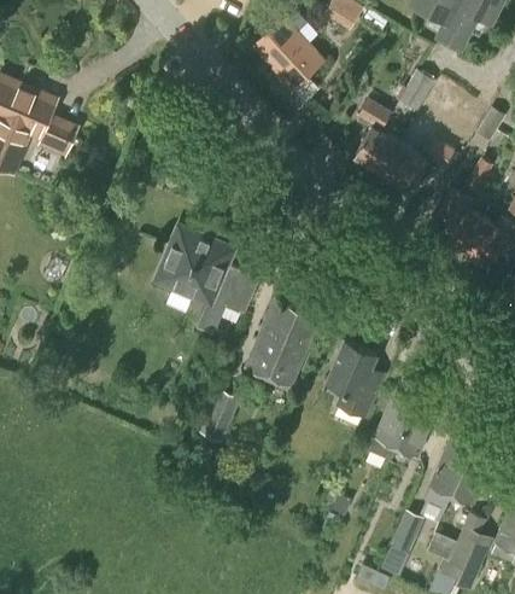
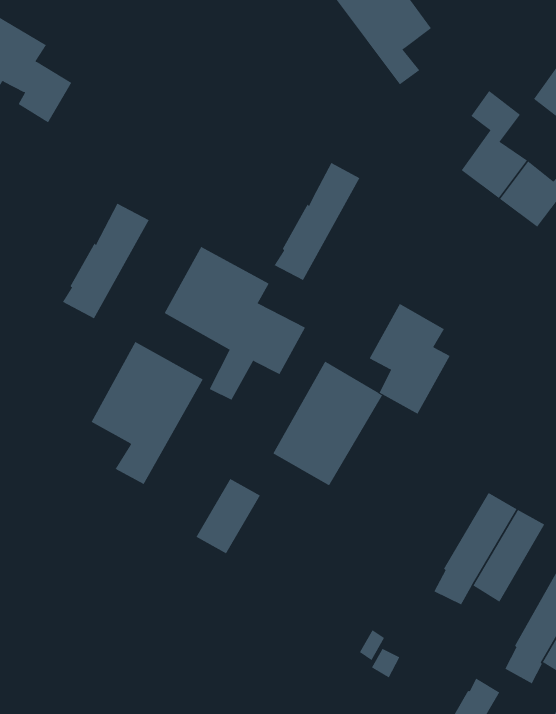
building: none -> [274,162,360,281]
building: none -> [62,203,149,319]
building: none -> [91,341,204,485]
building: [326,342,382,418] -> [369,303,451,414]

